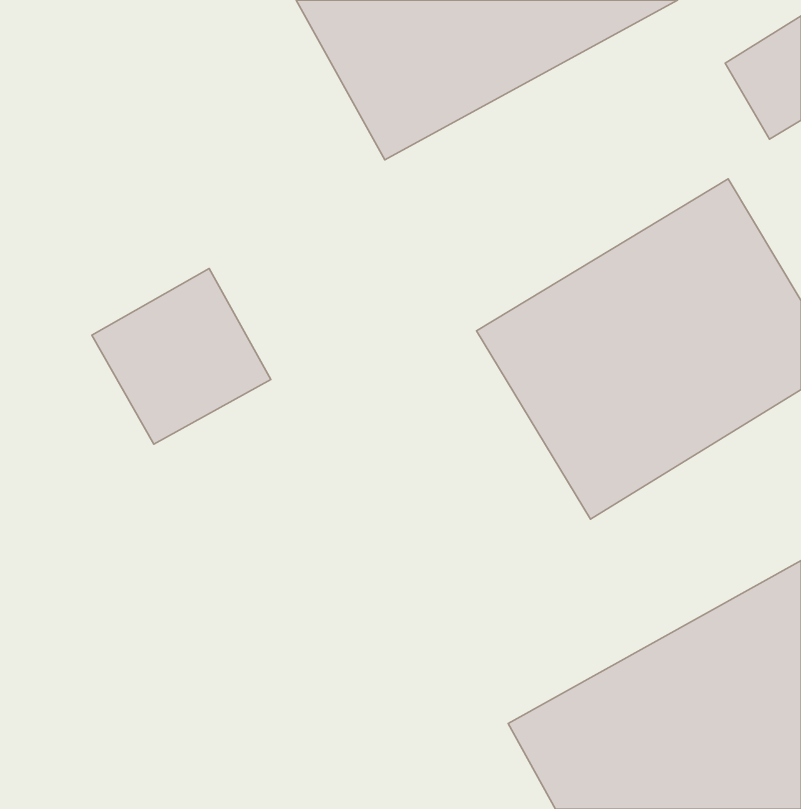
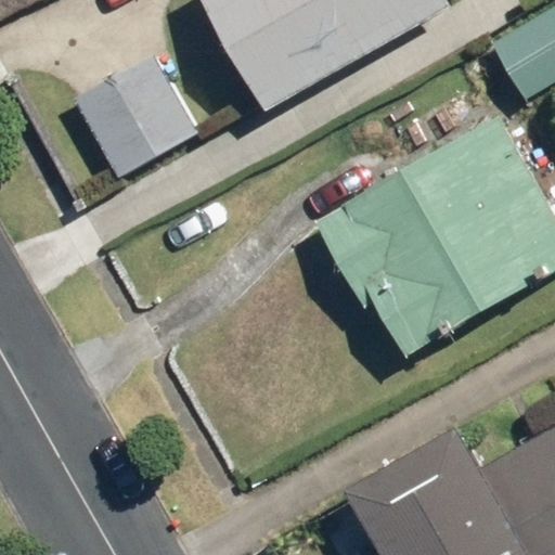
building: [92,269,271,444] -> [73,59,195,179]

